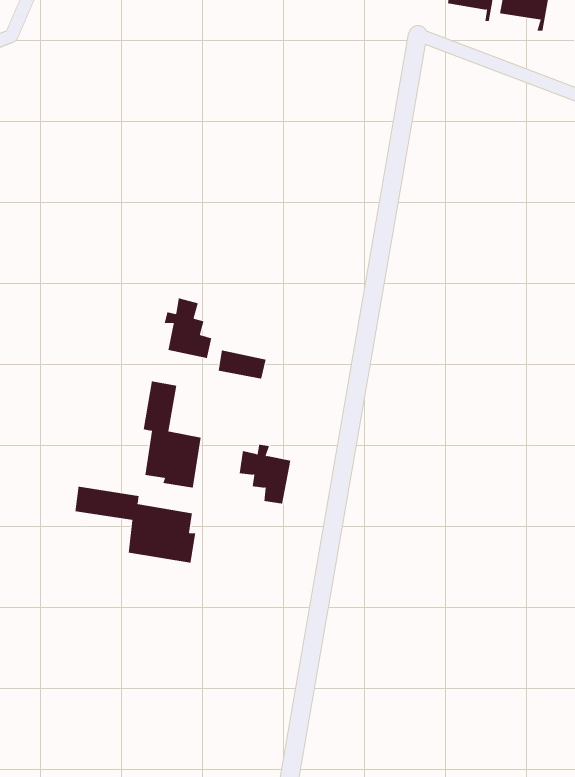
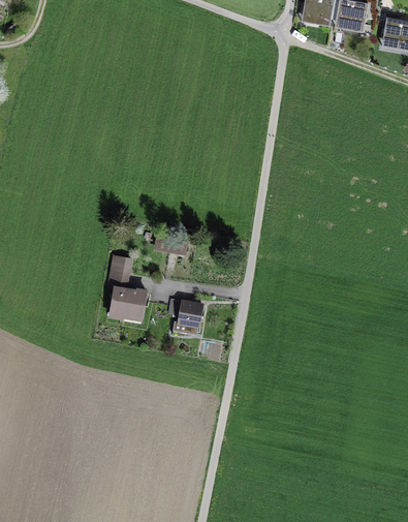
building: [164,297,212,359] -> none
building: [75,486,196,563] -> none

